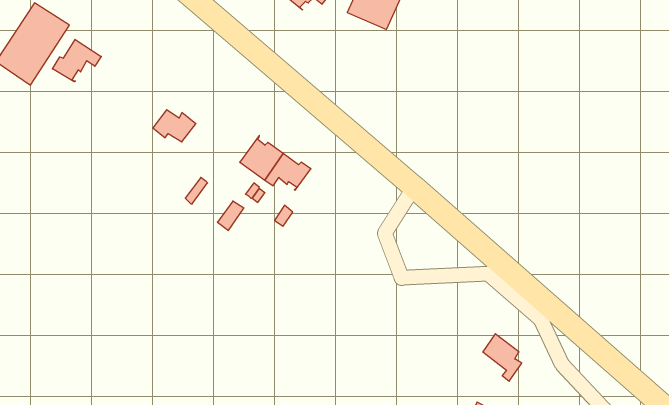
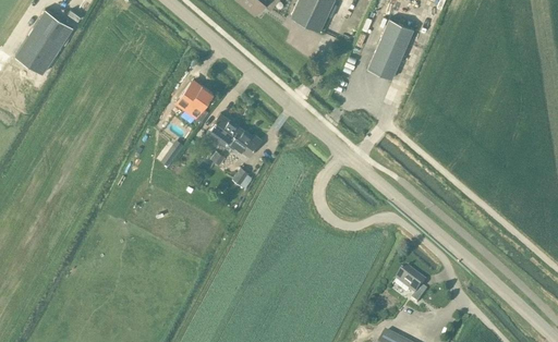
building: none -> [368,21,414,81]
building: [52,39,101,82] -> none
building: [153,110,196,142] -> [180,85,214,110]

